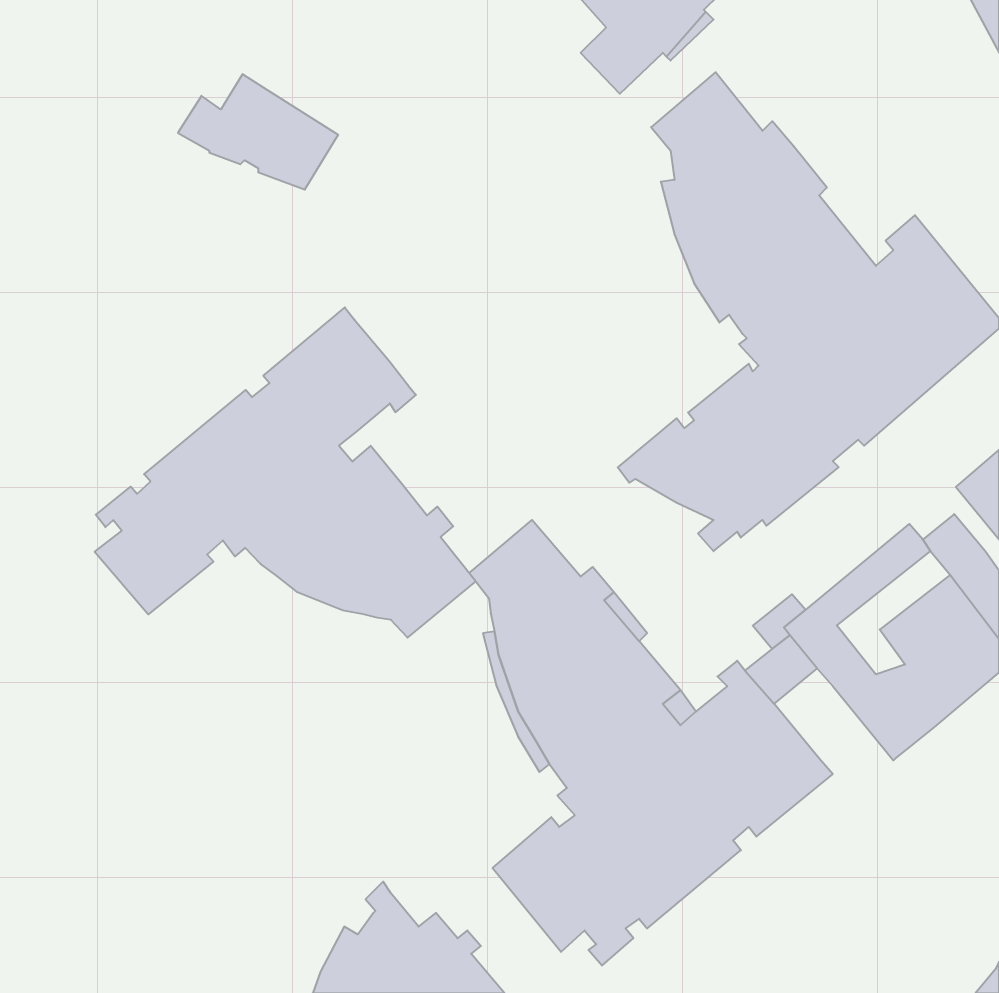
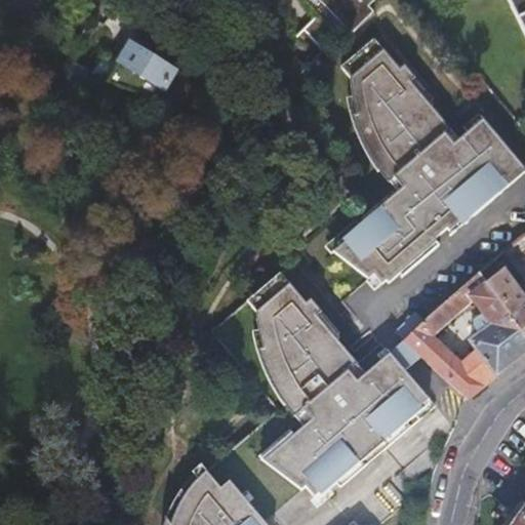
building: [95,307,476,638] -> none

